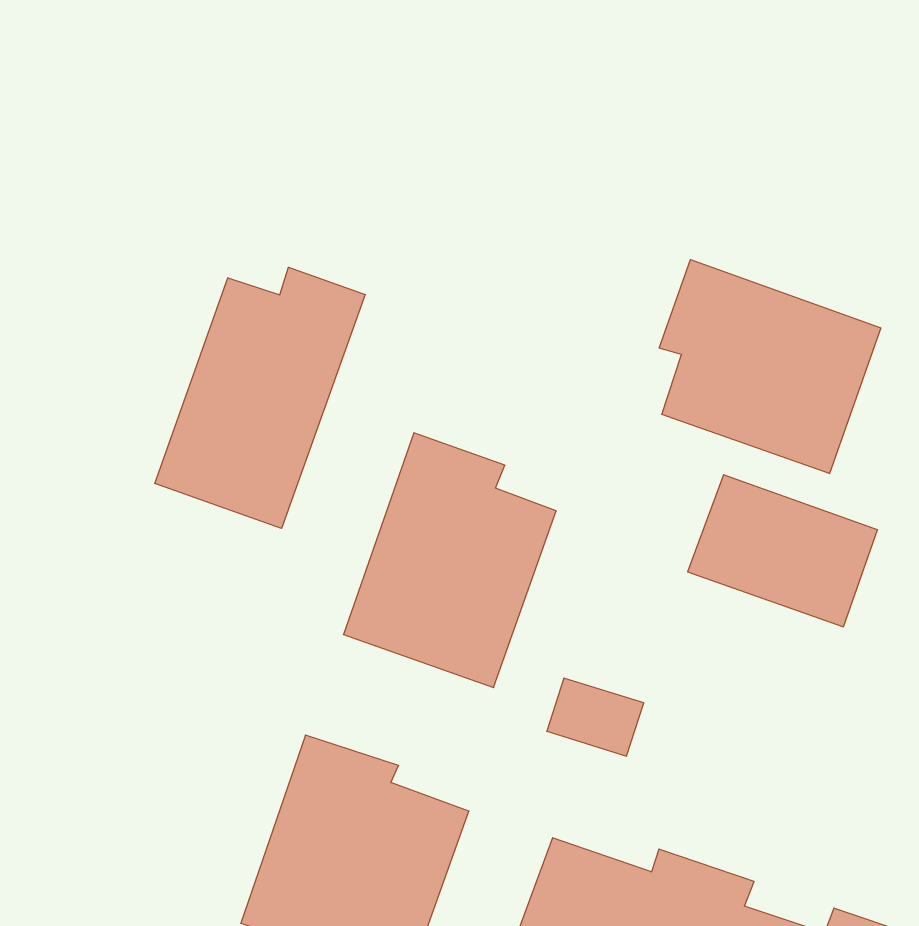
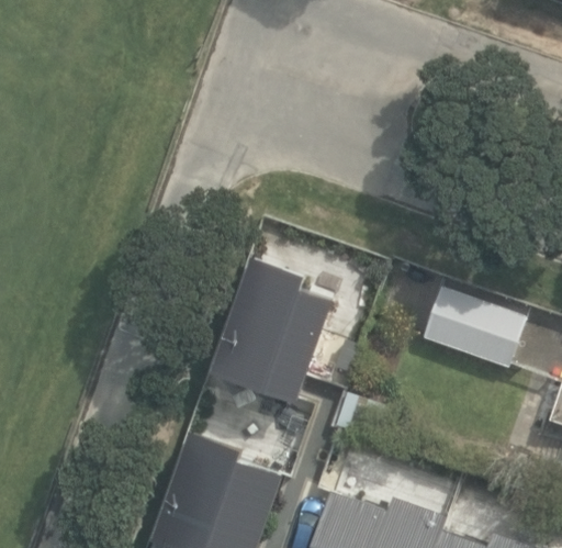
building: [659,260,881,474] -> none
building: [155,267,365,528] -> none

